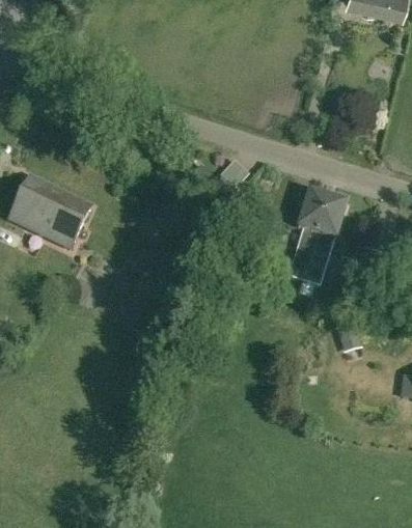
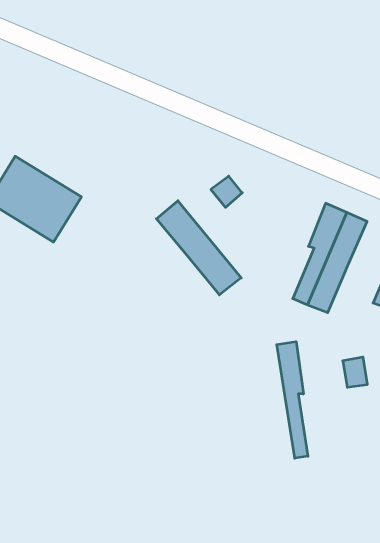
building: none -> [156,201,241,295]
building: none -> [277,342,308,458]

